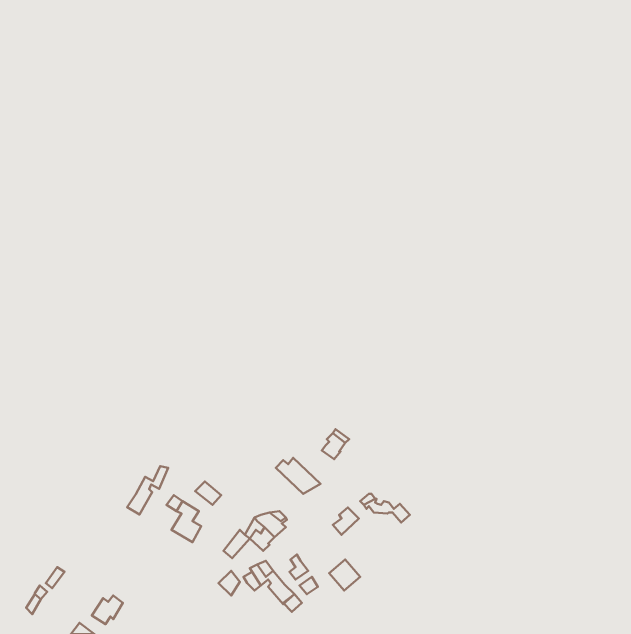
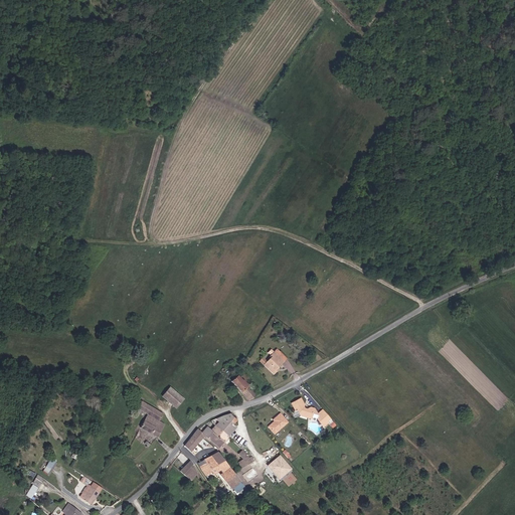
building: [127,466,168,514] -> none

